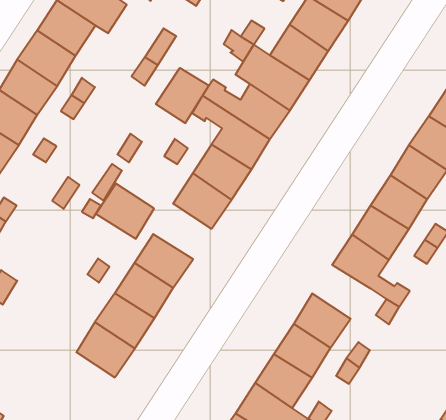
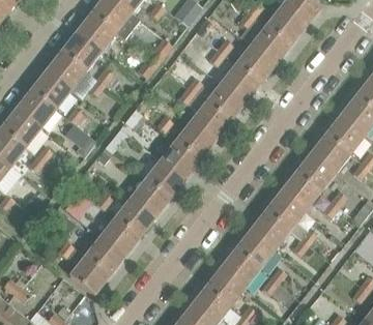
building: [156,68,209,123] -> none
building: [96,183,154,239] -> [144,158,184,198]
building: none -> [250,210,290,248]
building: none -> [57,240,109,294]

